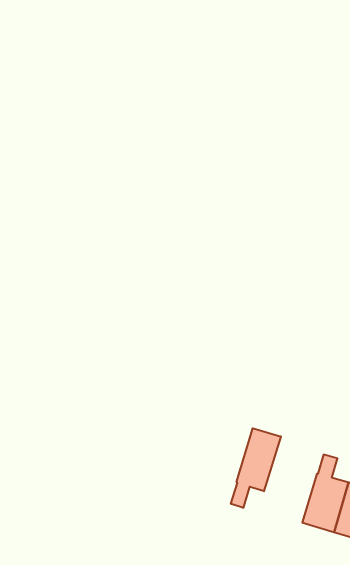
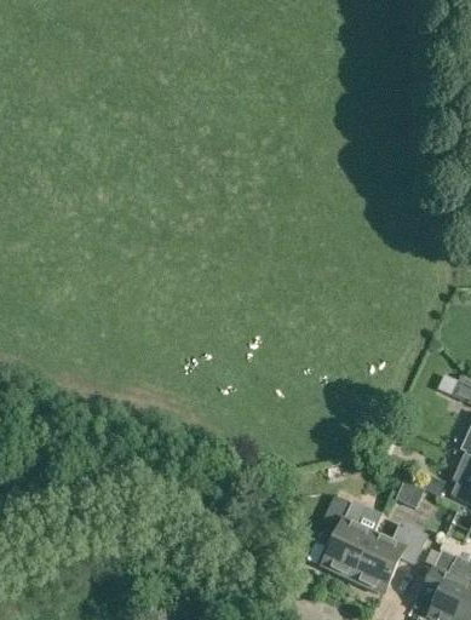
building: [231,428,281,508] -> none

